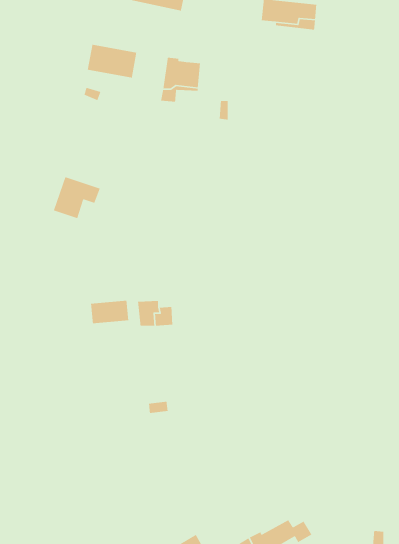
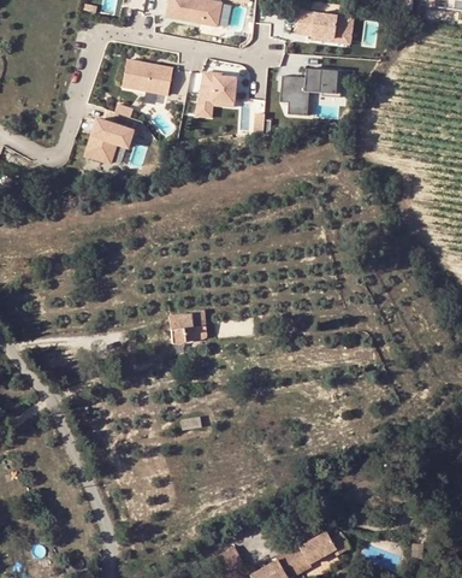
building: none -> [280,69,343,117]
building: [53,176,101,219] -> [84,118,132,161]
building: [90,300,129,324] -> none

